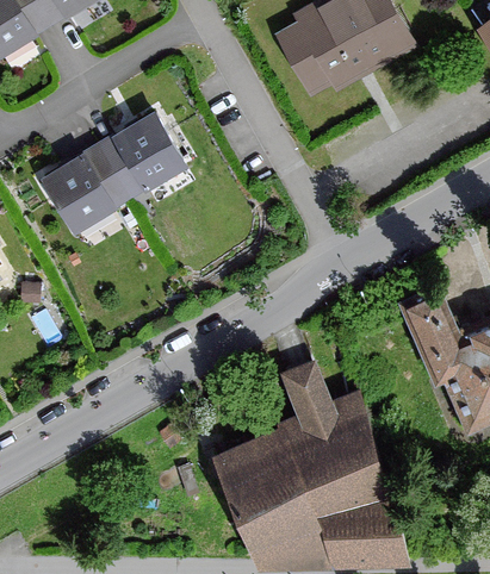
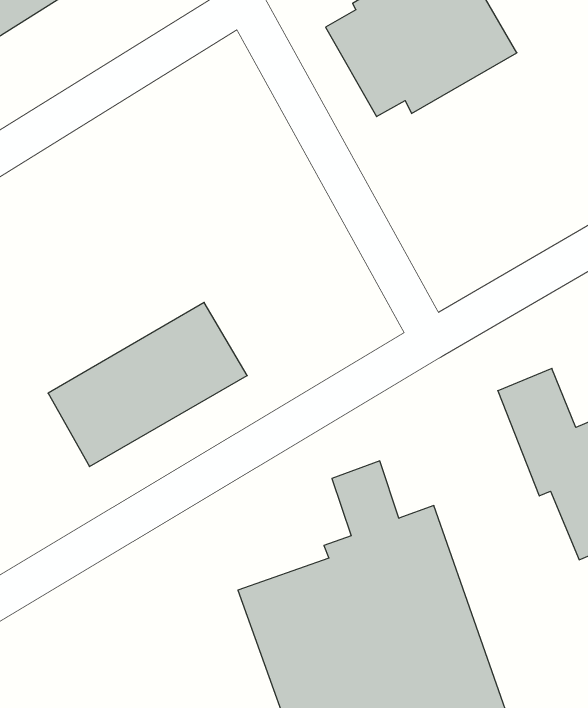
building: [39,111,188,233] -> [48,302,247,467]

